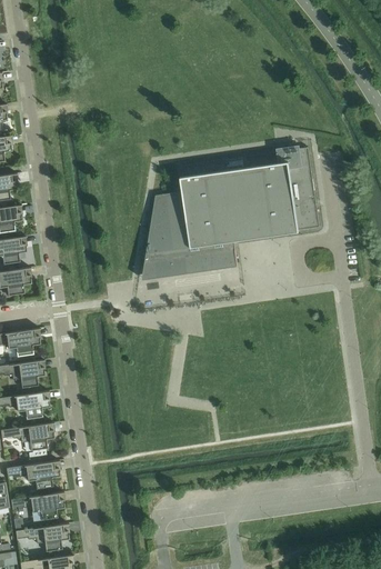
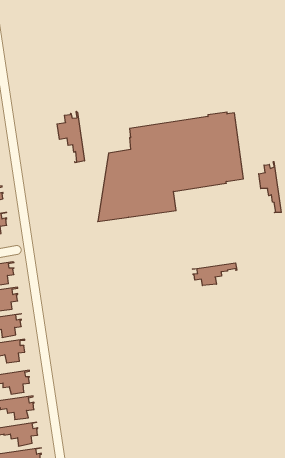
building: none -> [57,111,84,163]
building: none -> [259,162,281,213]
building: none -> [192,263,237,286]

